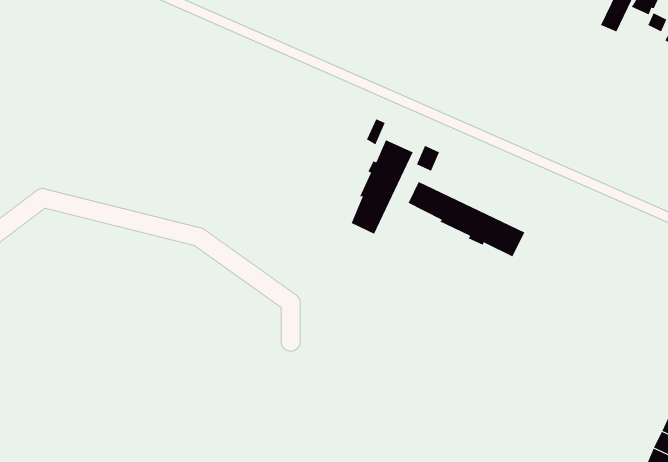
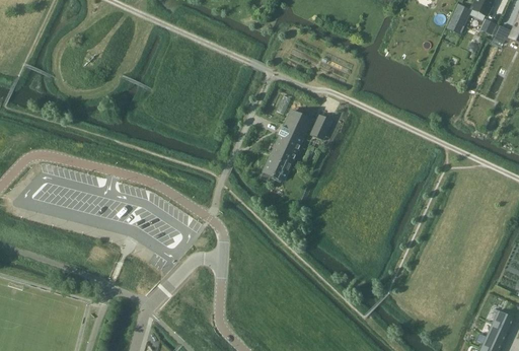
building: [408,181,525,257] -> none

